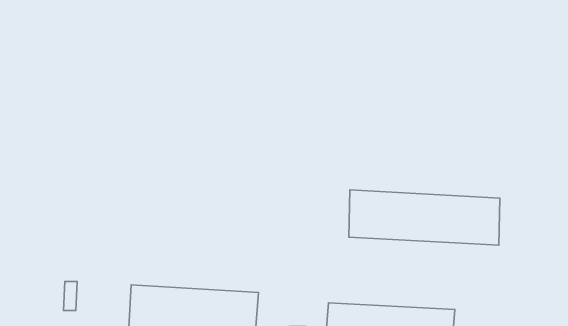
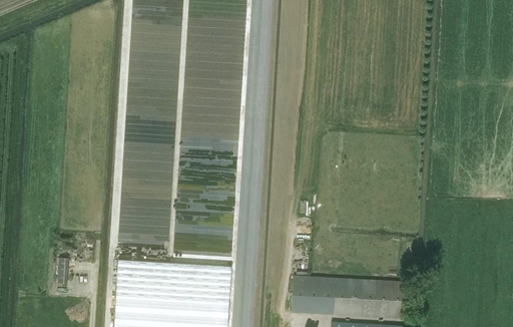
building: [349,190,500,245] -> none

